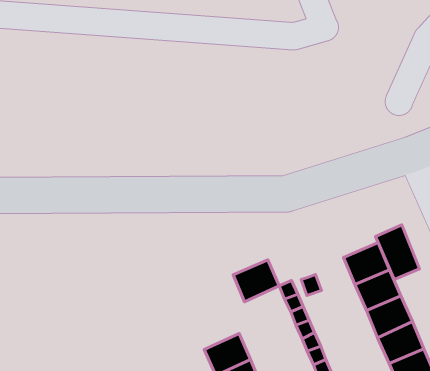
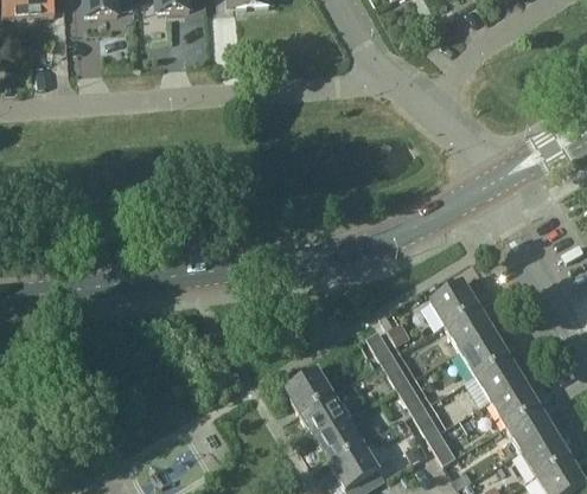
building: [375,225,420,279] -> none
building: [233,260,279,302] -> [283,366,332,412]

